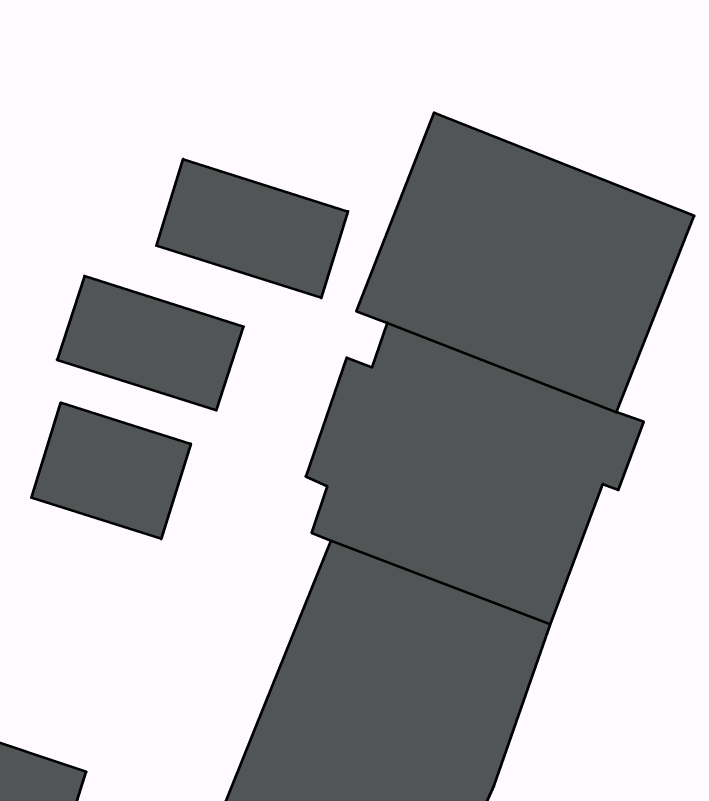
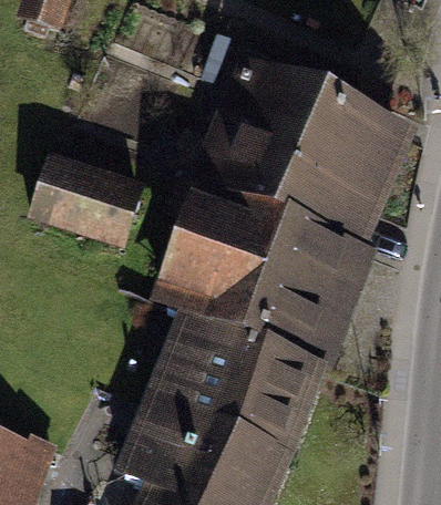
building: [156,159,348,298] -> none
building: [31,403,191,539] -> none

